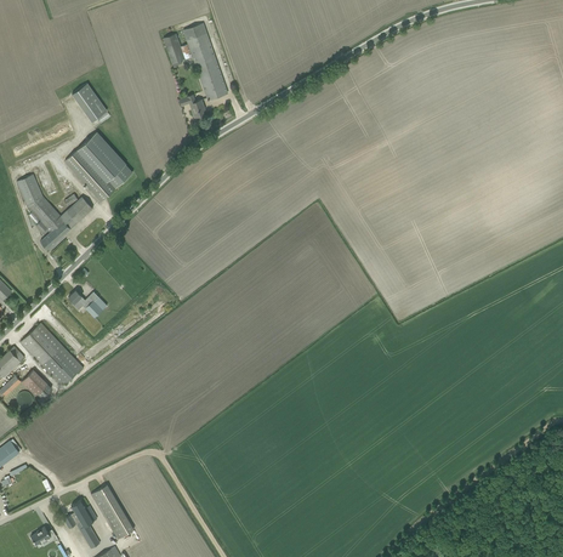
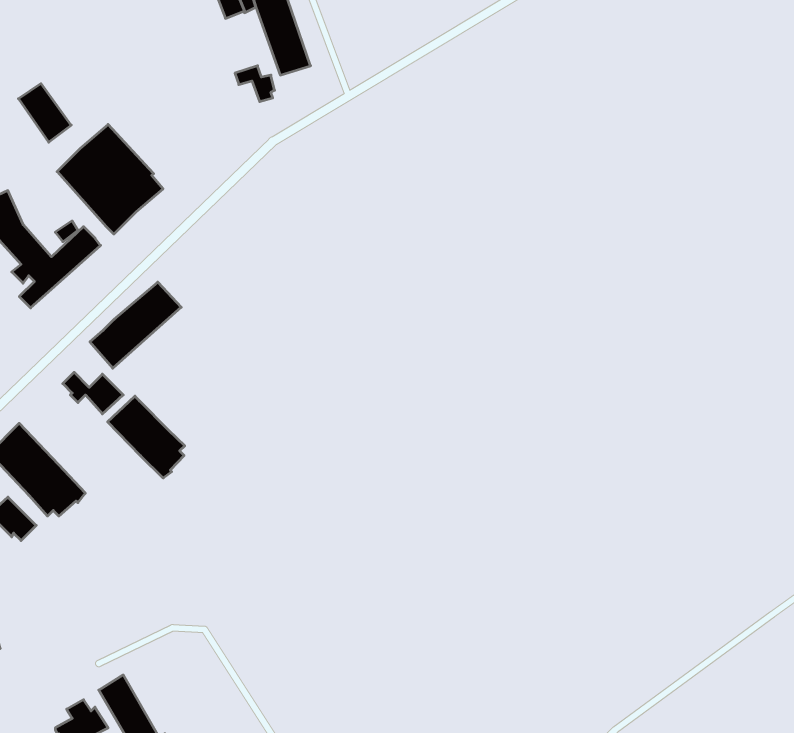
building: [72,84,106,121] -> [18,84,71,142]
building: none -> [90,282,181,368]
building: none -> [108,396,185,478]

